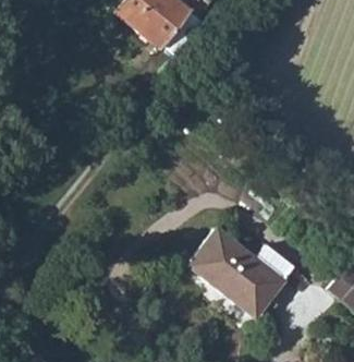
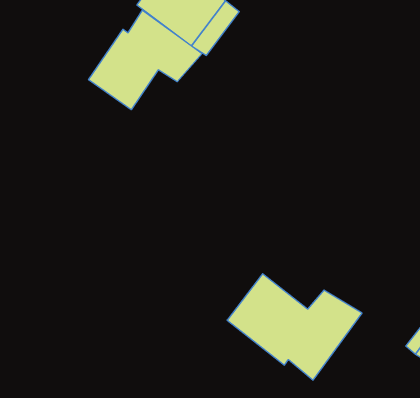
building: none -> [89,10,202,110]

